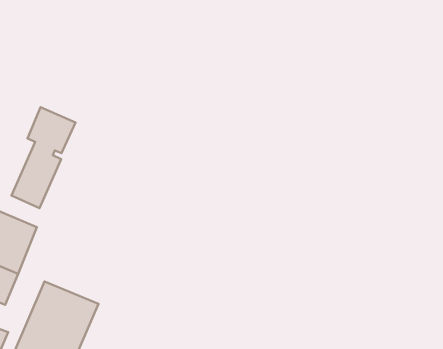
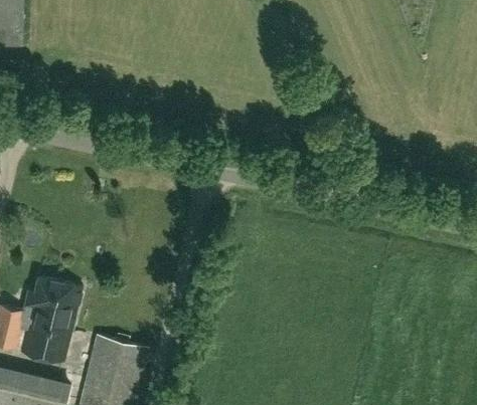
building: [11,107,75,208] -> none

